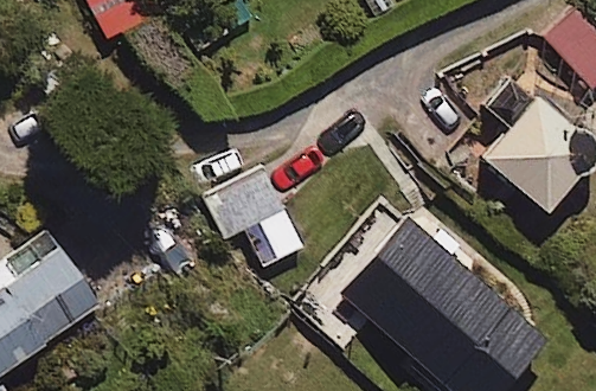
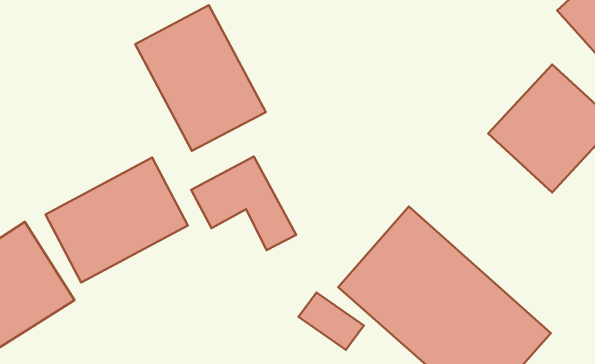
building: none -> [135,5,266,151]
building: none -> [45,158,188,282]

